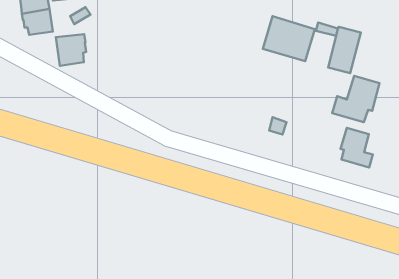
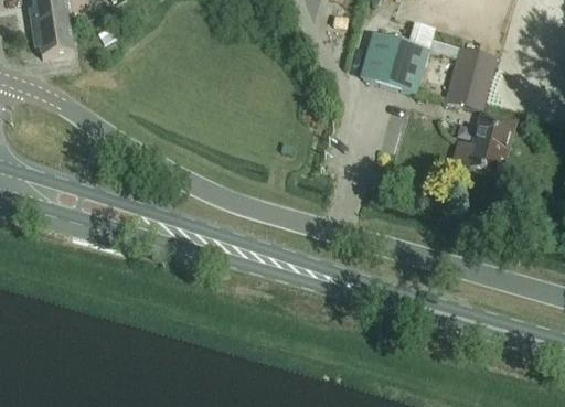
building: [56,34,86,66] -> none
building: [341,128,373,167] -> none

